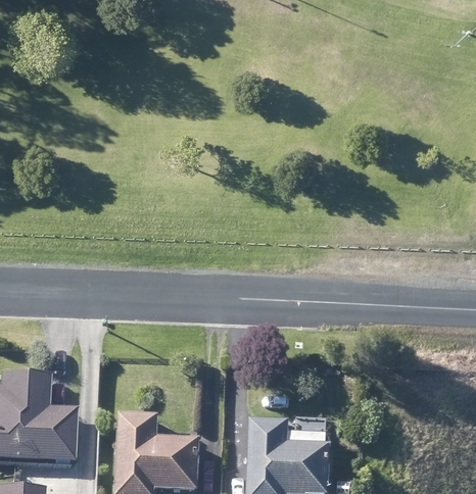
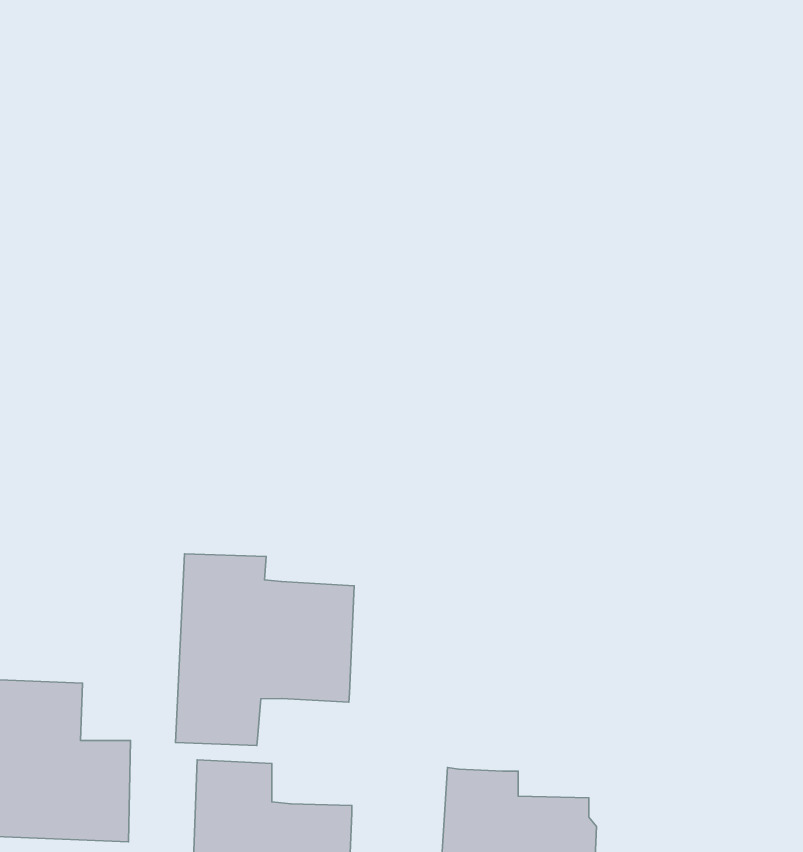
building: none -> [175,554,354,745]

